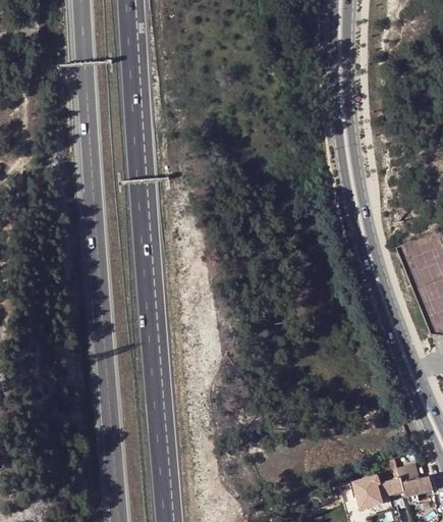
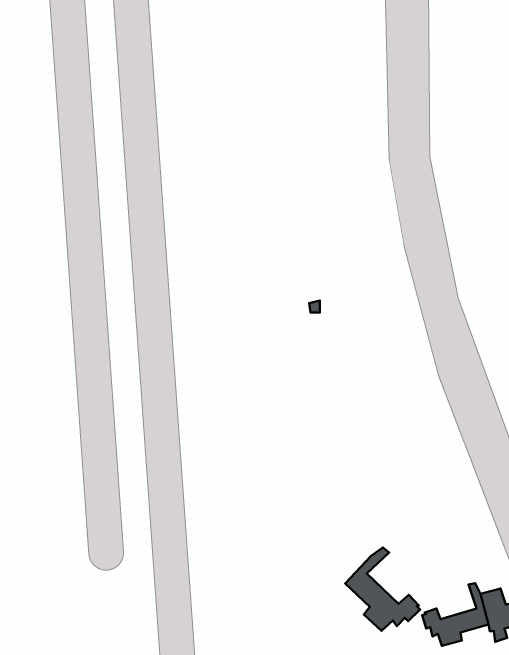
building: none -> [345,548,420,631]

